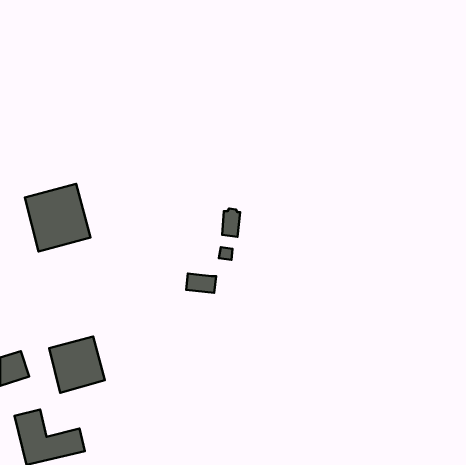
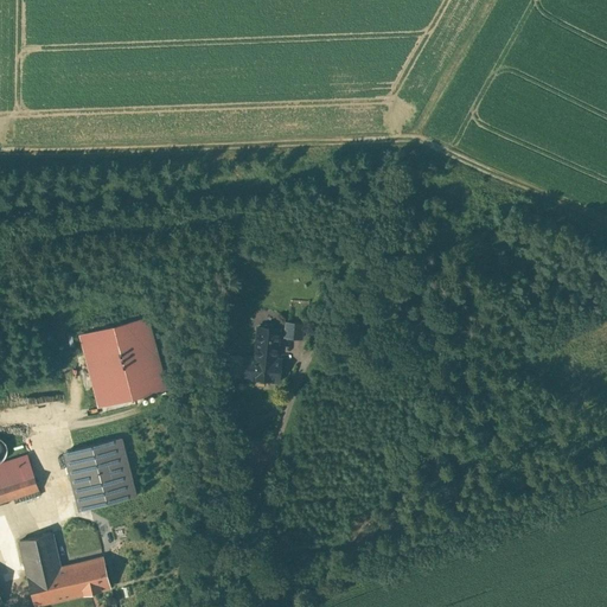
building: [25,184,91,251] -> [81,319,166,407]
building: [222,208,240,237] -> [255,324,279,360]

